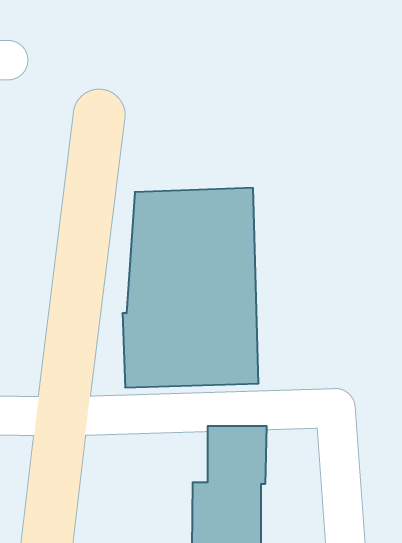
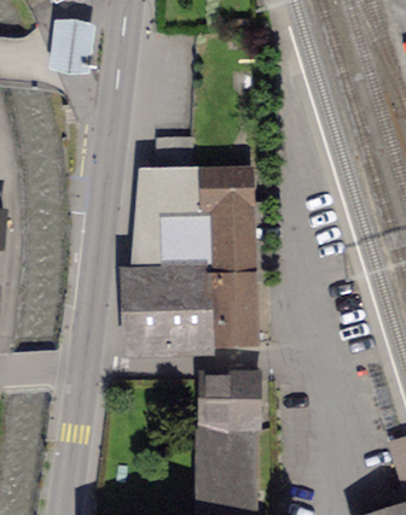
building: none -> [53,18,93,74]

